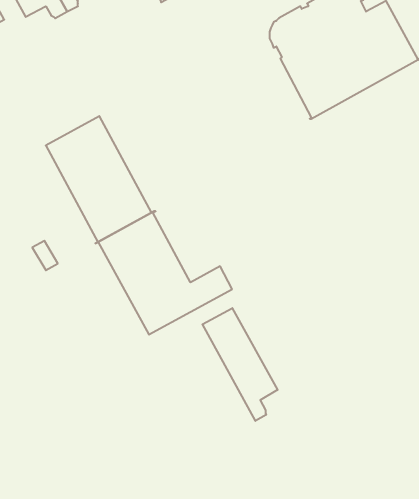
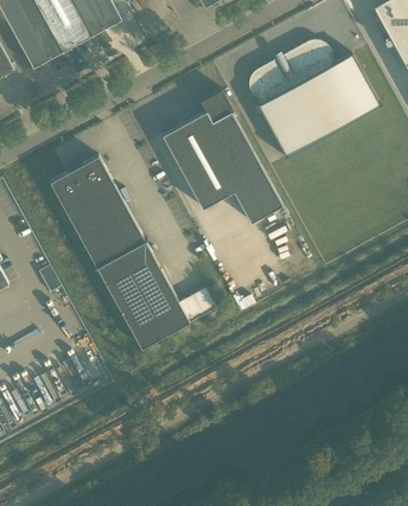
building: none -> [161,89,281,223]
building: [202,308,278,421] -> none

